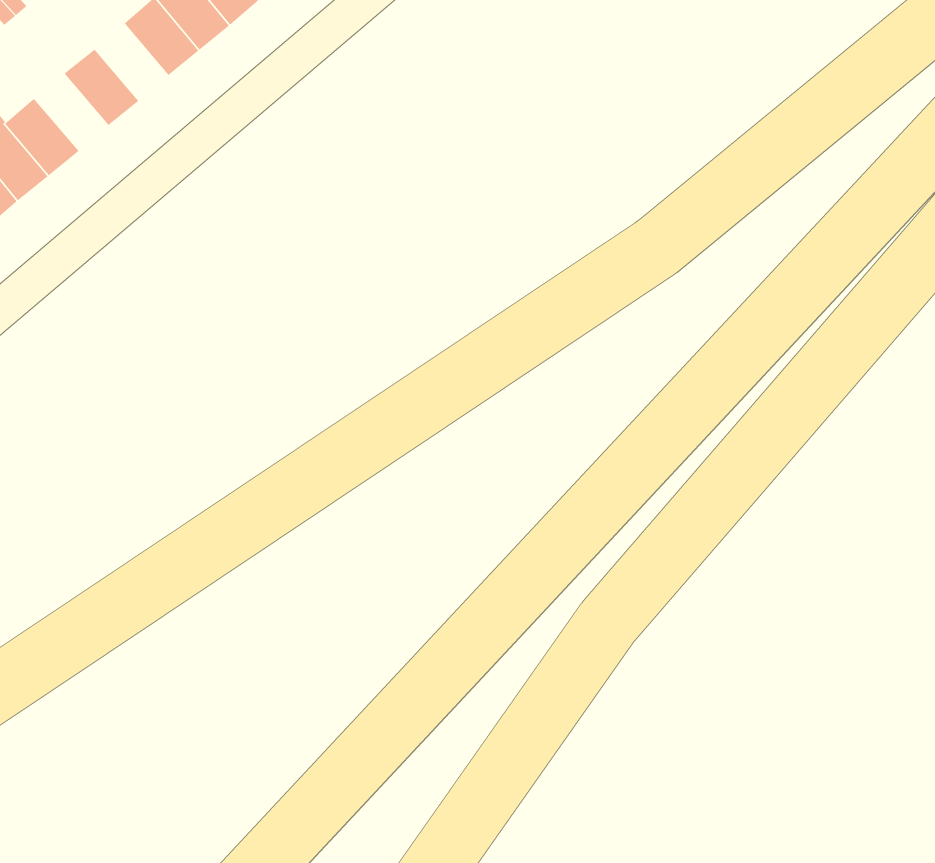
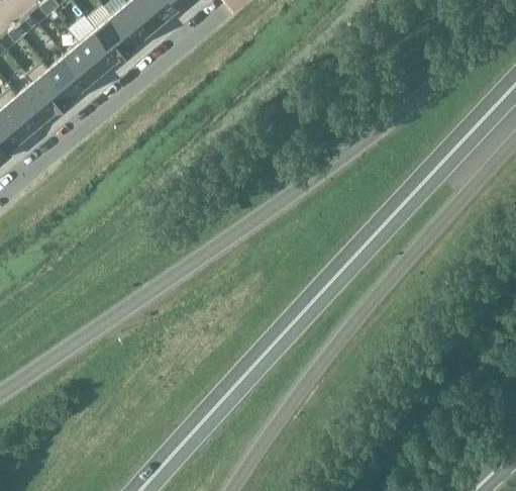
building: none -> [63,46,101,87]
building: none -> [24,65,70,113]

